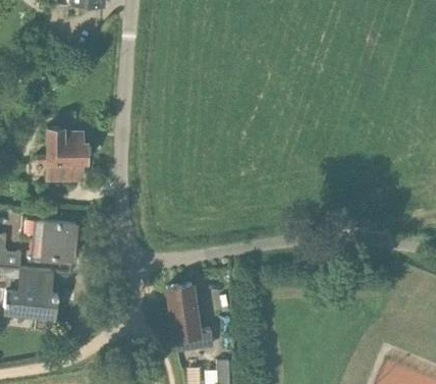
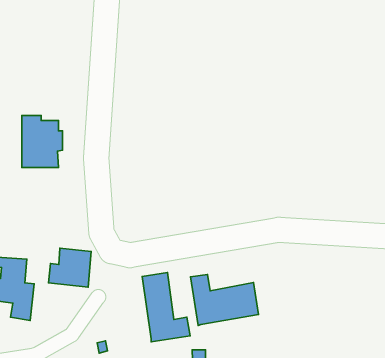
building: [34,219,76,258] -> [49,248,91,287]
building: none -> [190,274,259,325]

